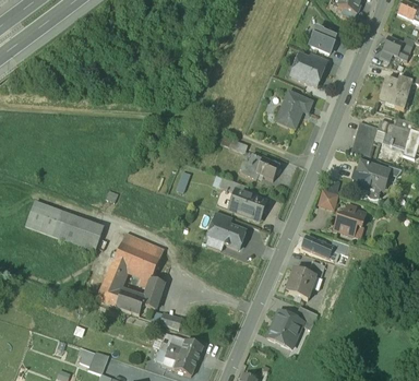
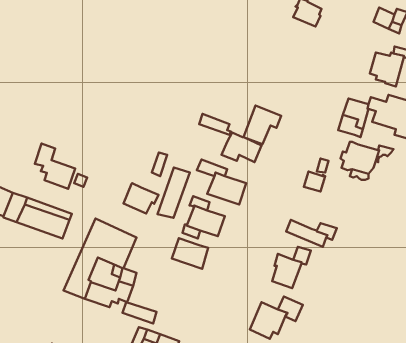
building: [291,52,326,85] -> none
building: [277,91,312,127] -> [244,105,281,144]
building: none -> [35,144,75,189]
building: none -> [158,167,190,218]
building: none -> [124,183,159,214]
building: [335,202,366,231] -> none
building: none -> [172,238,208,269]

